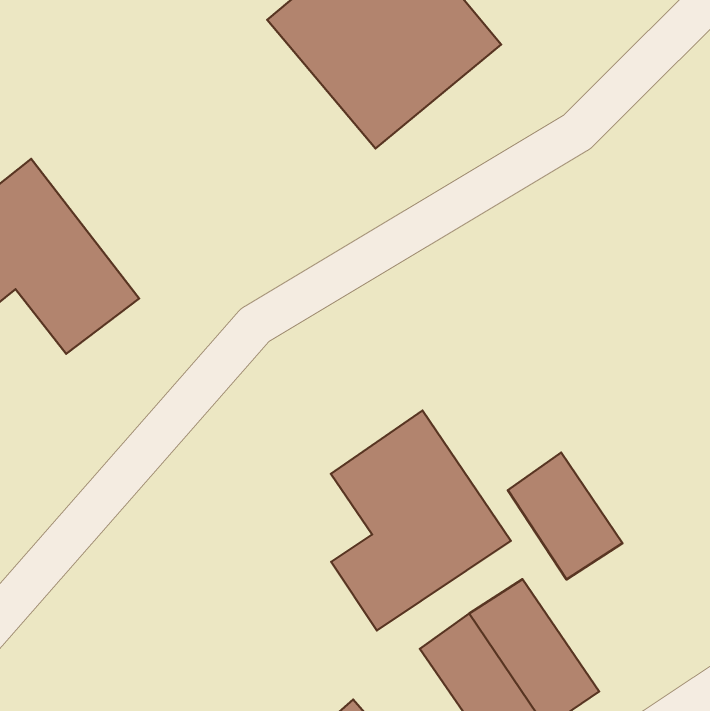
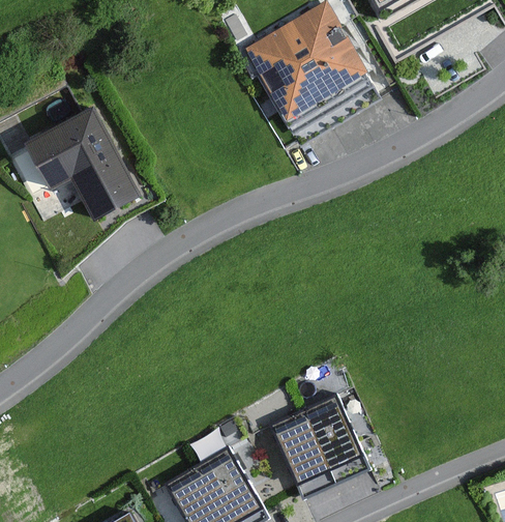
building: [331,411,511,631] -> none
building: [508,453,622,580] -> none

